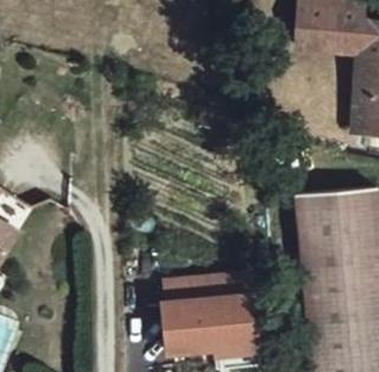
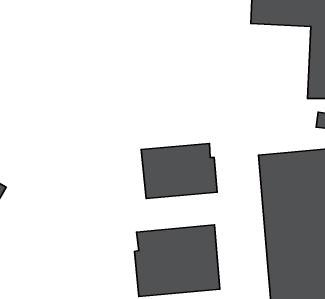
building: none -> [141,143,217,199]

